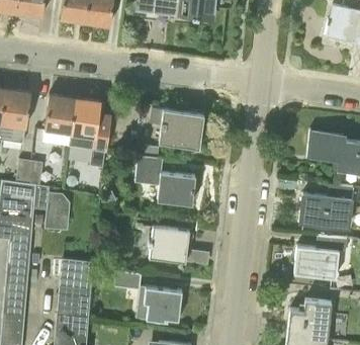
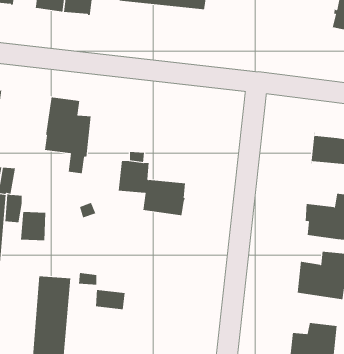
building: [43,94,75,145] -> none
building: [160,109,203,148] -> none
building: [150,226,189,262] -> none
building: [144,286,182,323] -> none

